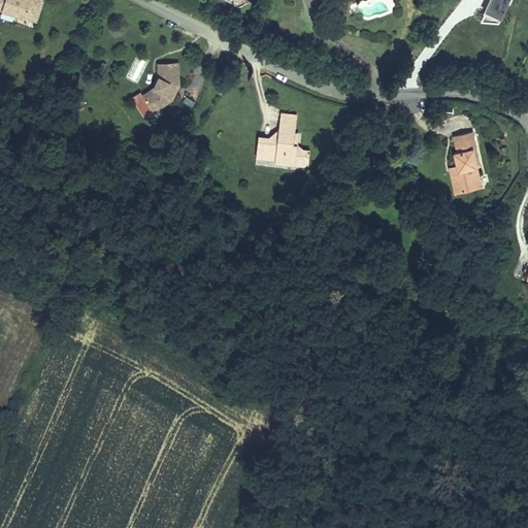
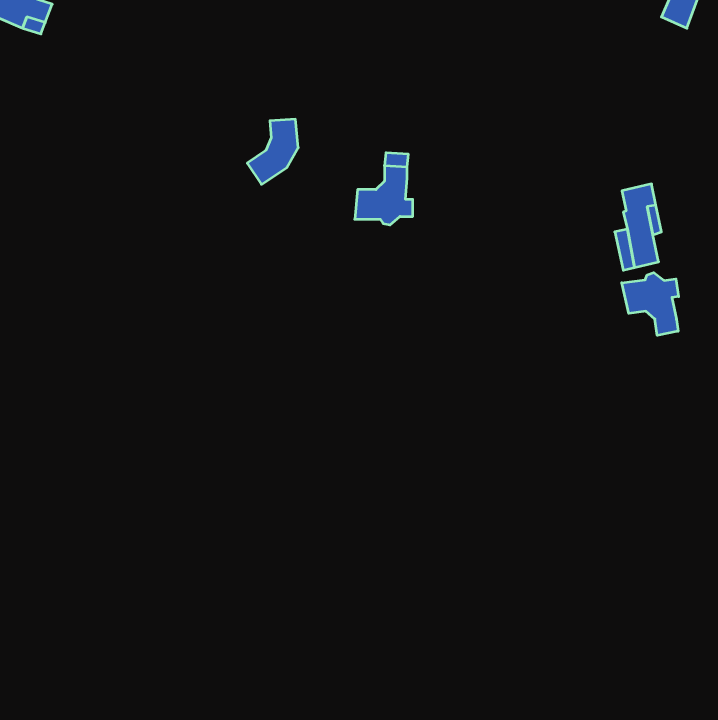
building: [139,64,176,111] -> [247,119,298,184]
building: none -> [622,273,679,335]

